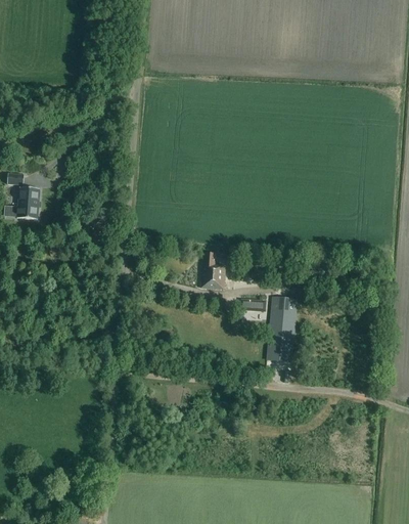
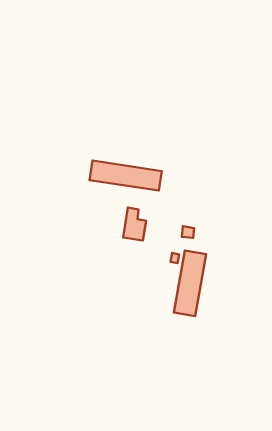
building: none -> [89,161,162,191]

